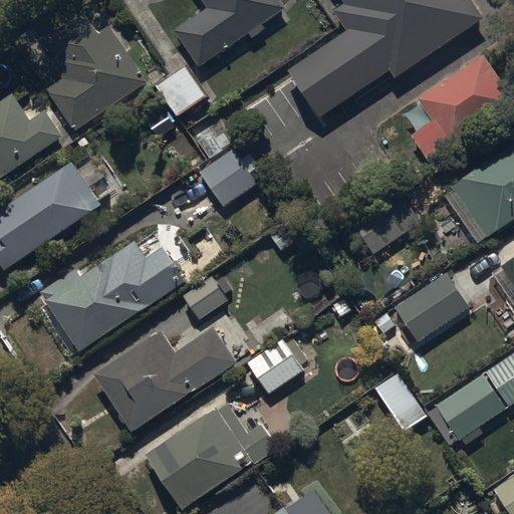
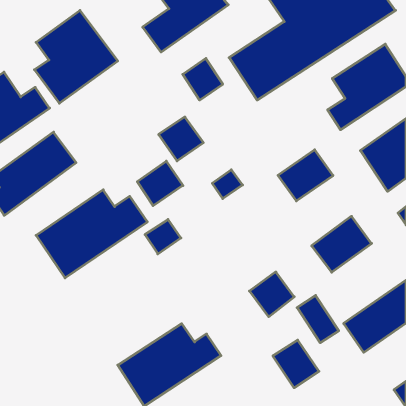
building: [155,63,205,115] -> [183,58,223,100]
building: none -> [137,161,183,206]
building: [96,327,235,431] -> none
building: [245,336,301,393] -> [249,272,294,317]
building: none -> [273,340,319,388]

